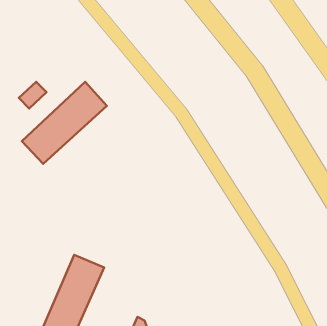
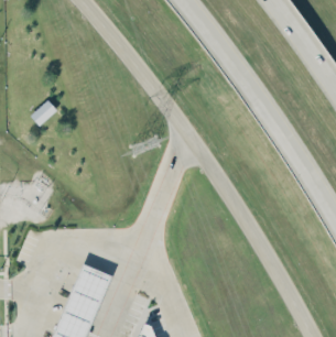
building: [22,82,107,164] -> none

